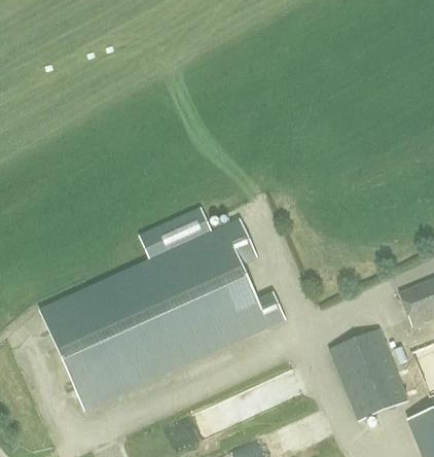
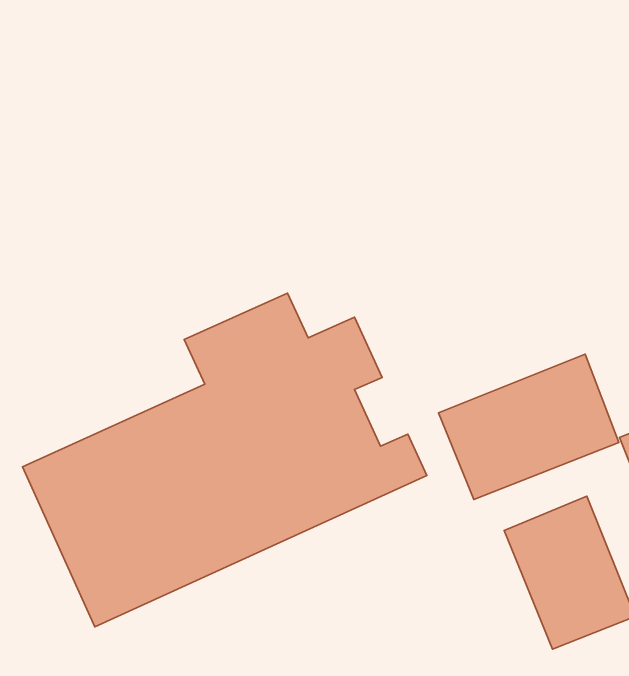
building: none -> [439,354,619,500]

